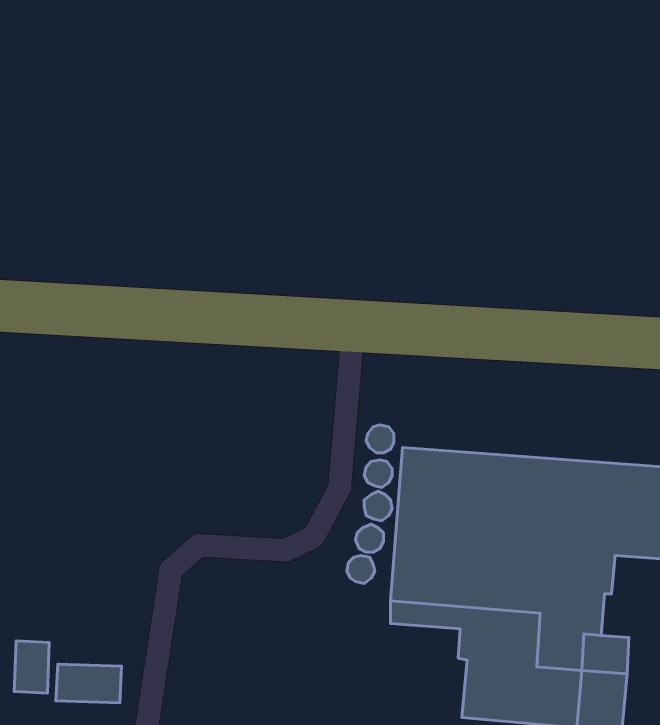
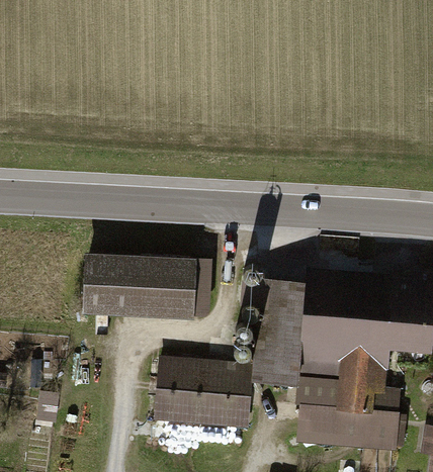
building: none -> [86,256,198,322]
building: none -> [156,359,248,422]
building: [56,664,122,703] -> none

